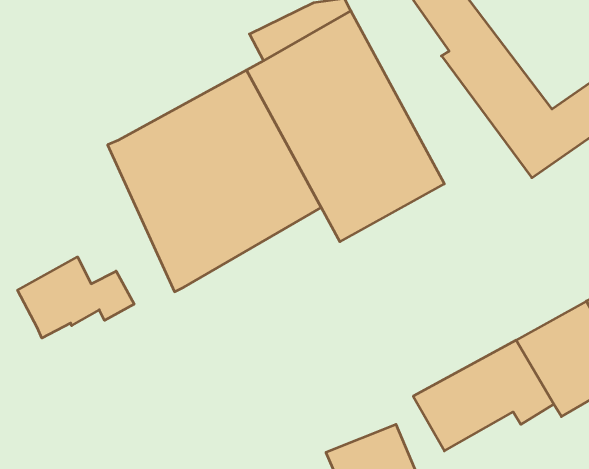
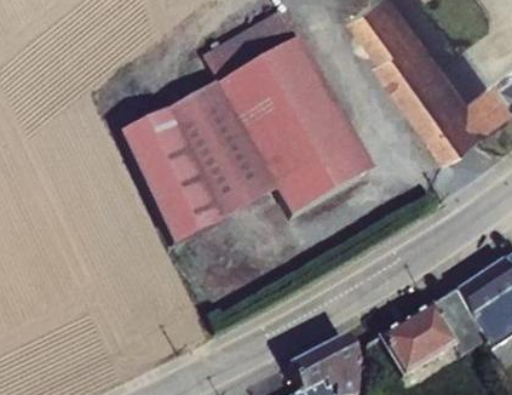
building: [18,257,134,338] -> none

